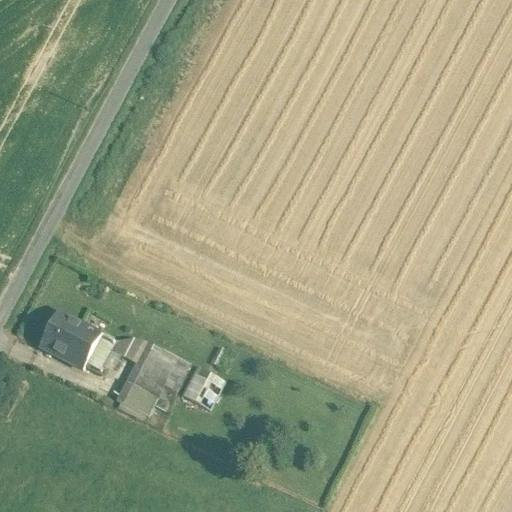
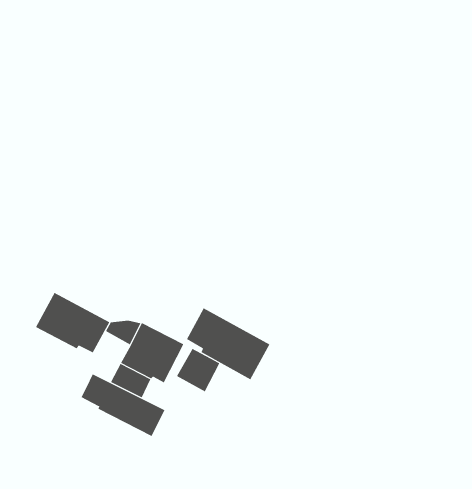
building: none -> [186,307,270,380]
building: none -> [81,373,165,437]

